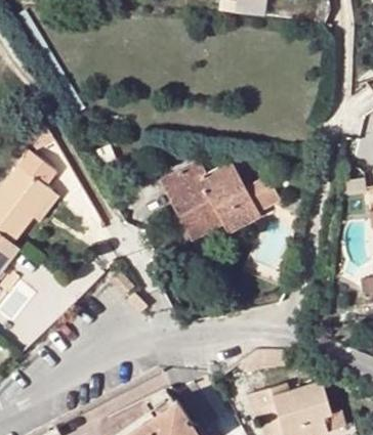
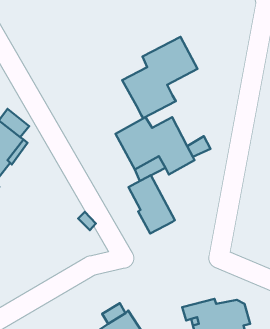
building: none -> [122,37,198,118]
building: none -> [129,175,175,234]

